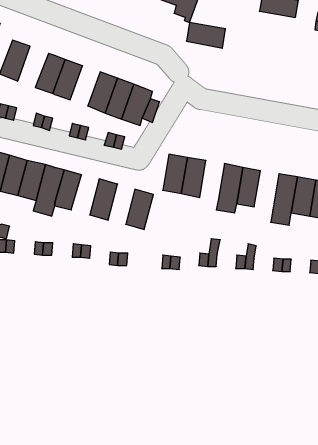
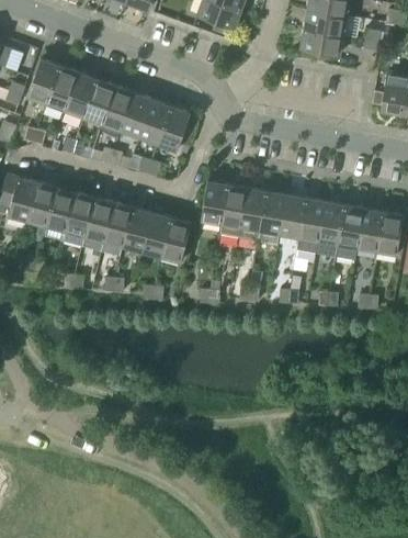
building: [186,23,225,48] -> [301,30,342,57]
building: none -> [46,67,79,111]
building: none -> [102,88,134,131]
building: none -> [240,189,267,232]
building: none -> [296,200,325,255]
building: none -> [103,204,133,247]
building: none -> [143,214,171,257]

